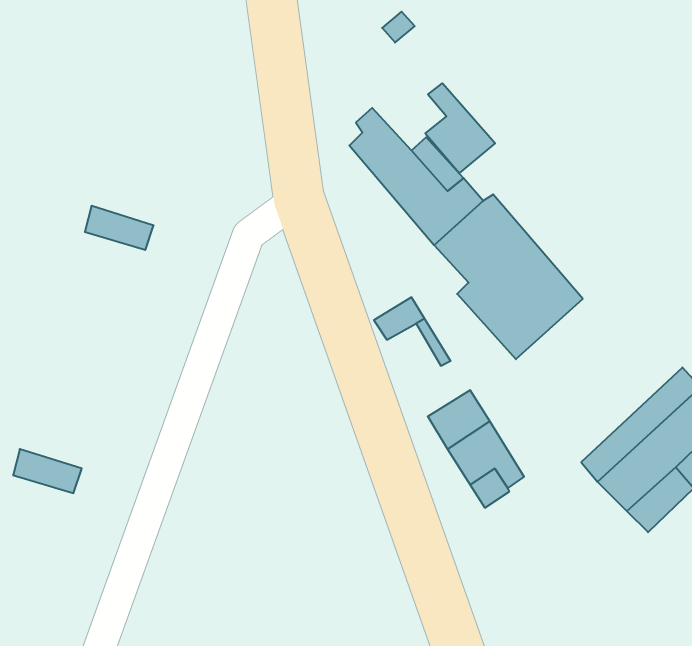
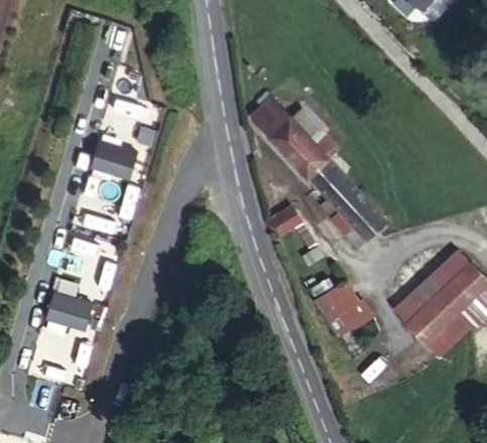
building: [425,83,495,173] -> none

